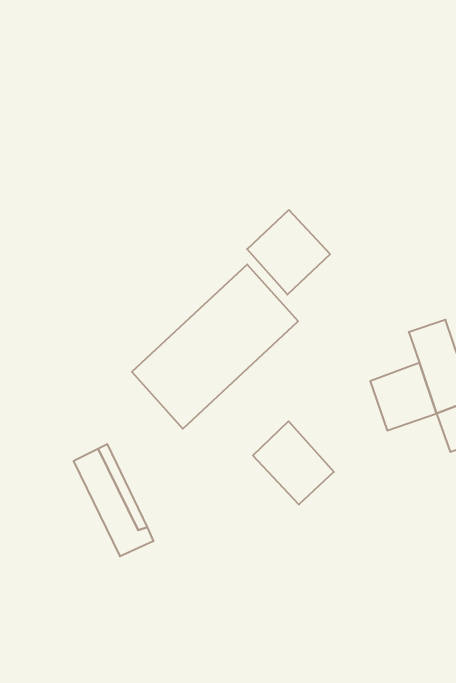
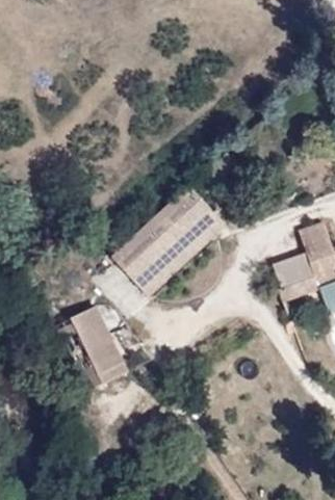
building: [247,210,330,295] -> none
building: [253,421,334,505] -> none

